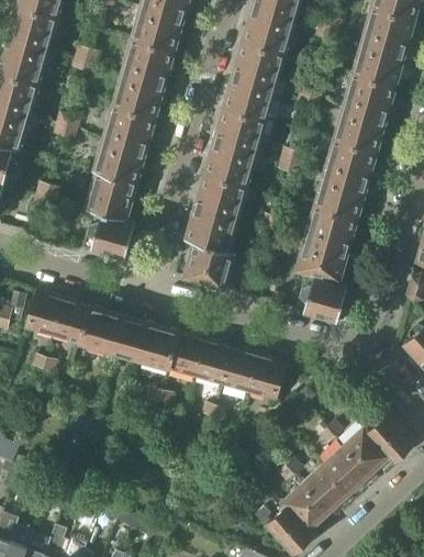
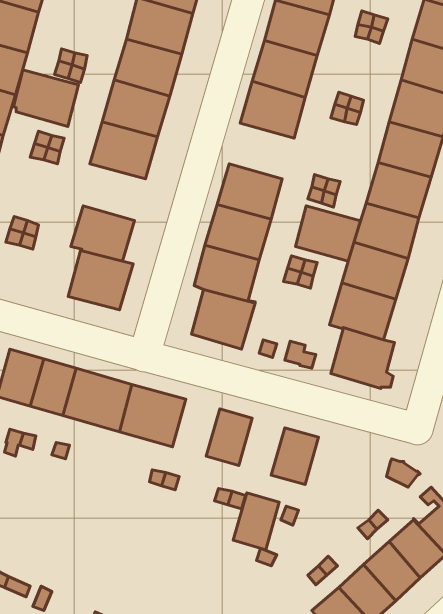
building: [214,107,267,152] -> [295,206,360,261]
building: [93,140,146,186] -> [14,70,79,127]
building: [168,331,207,377] -> none
building: [222,346,259,392] -> [233,493,279,550]

